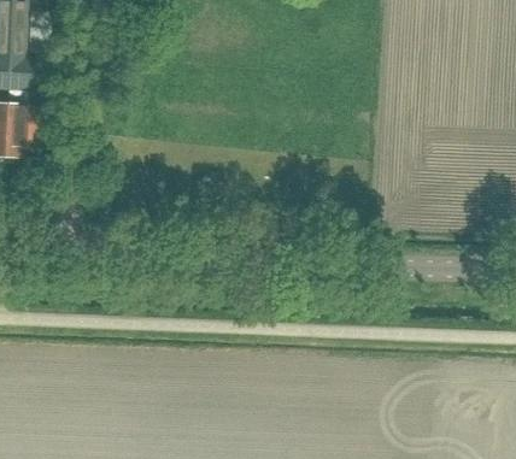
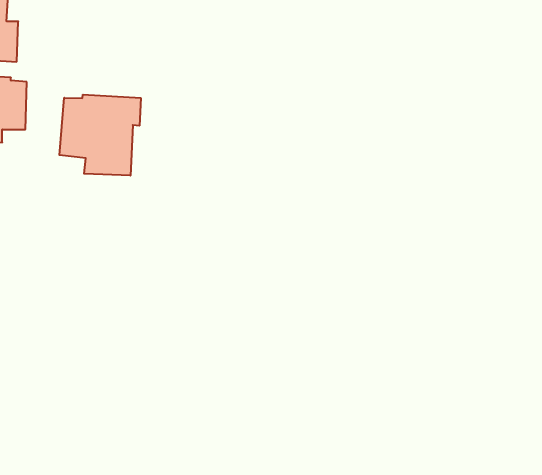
building: none -> [59,95,141,176]

